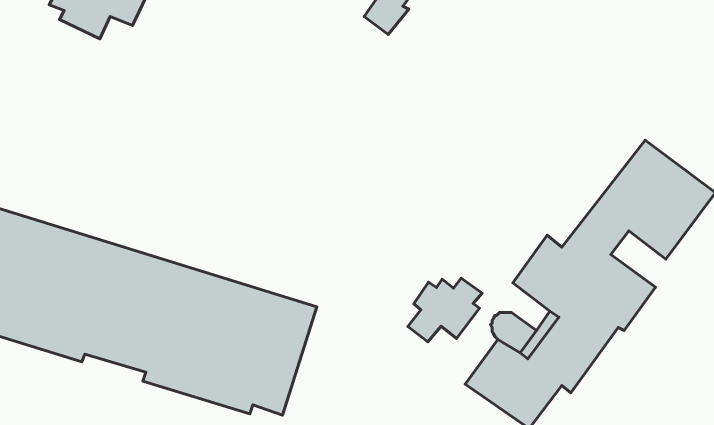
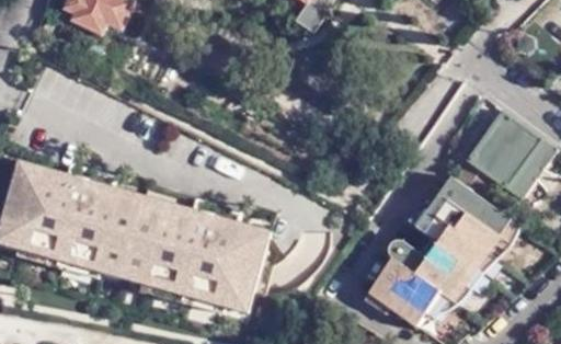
building: [408,278,482,342] -> none

